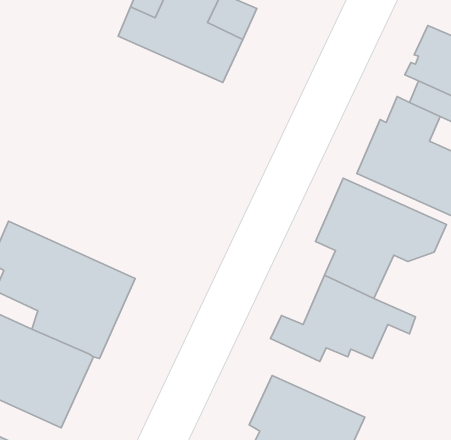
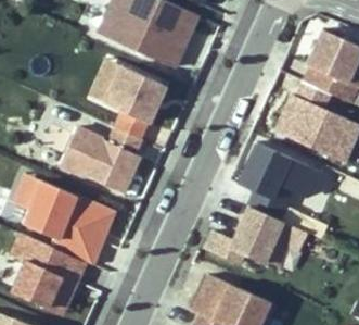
building: none -> [101,63,164,123]
building: none -> [57,126,142,191]

